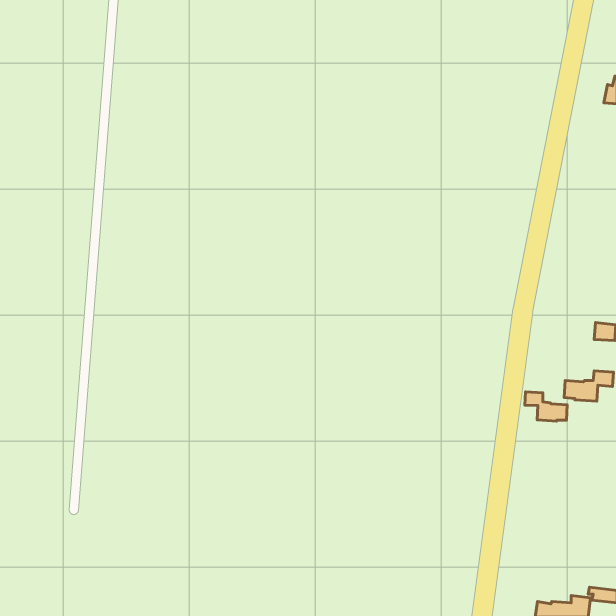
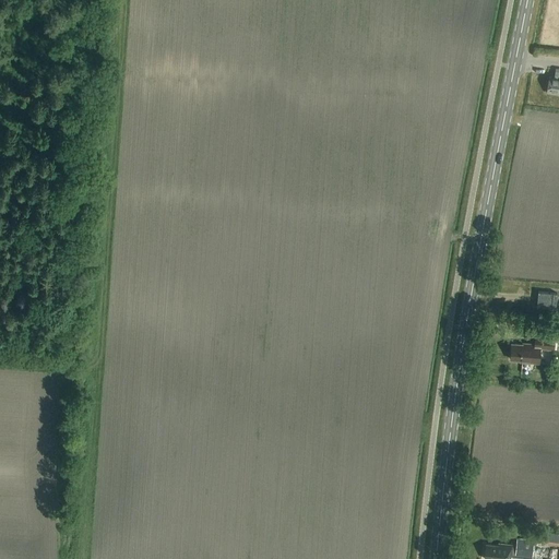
building: [525,392,567,421] -> none

